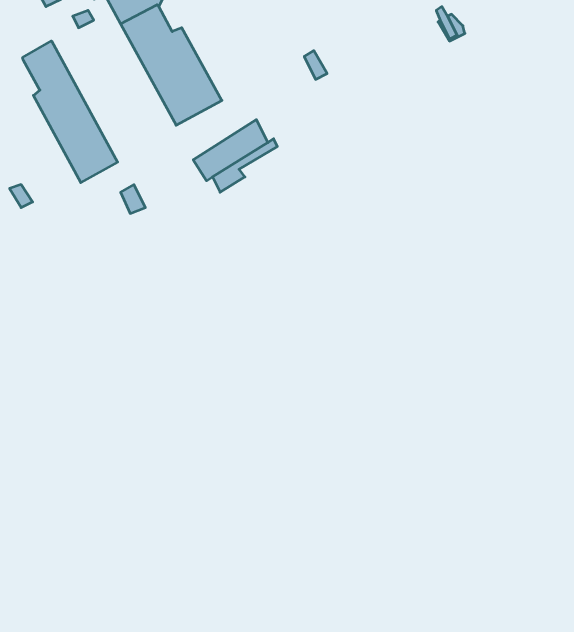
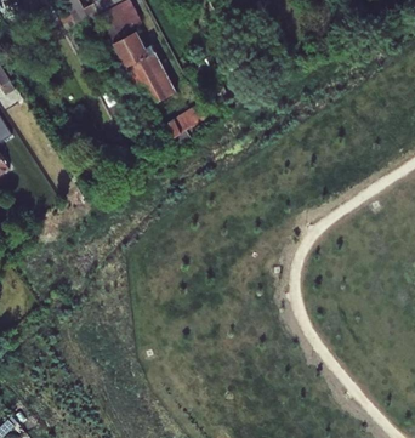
building: [23,41,118,183] -> none

